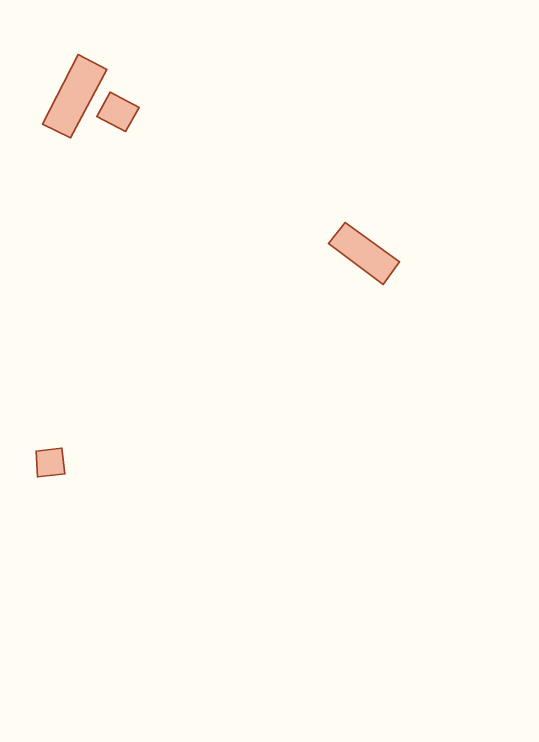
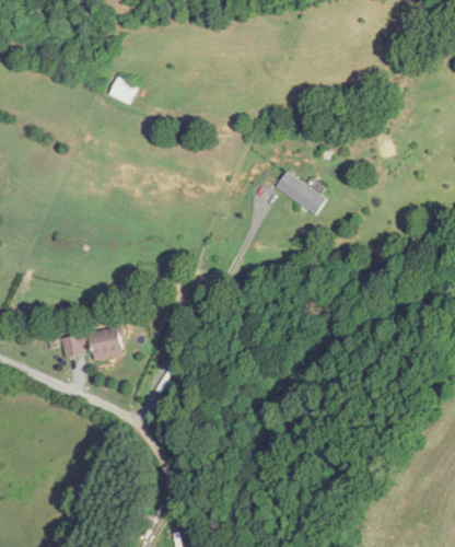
building: [42,55,107,138] -> none
building: none -> [89,328,119,357]

